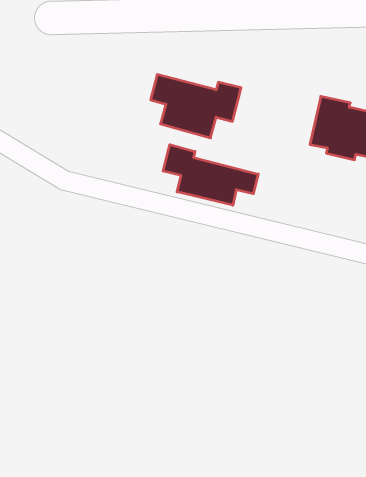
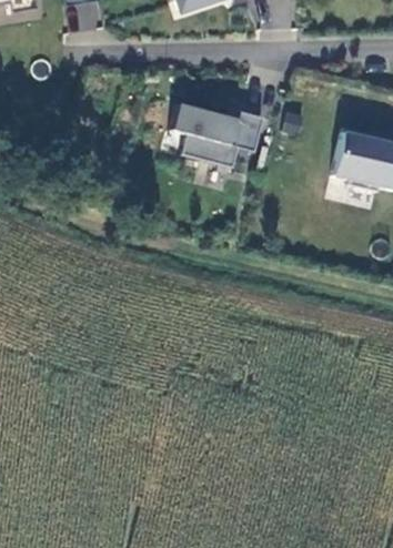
building: [163,145,258,205] -> none

